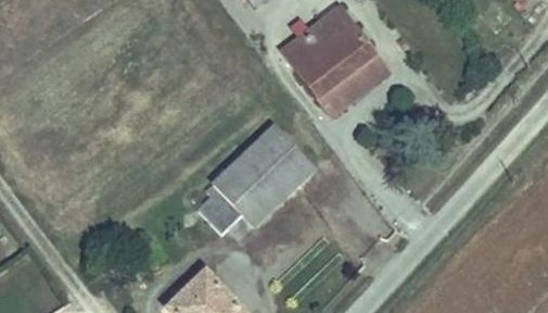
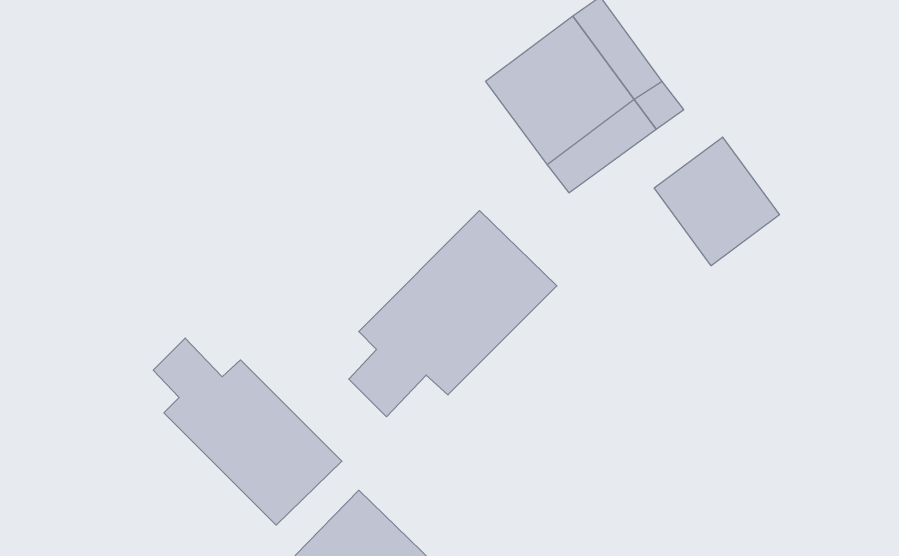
building: none -> [654,137,779,266]
building: none -> [153,338,342,525]

